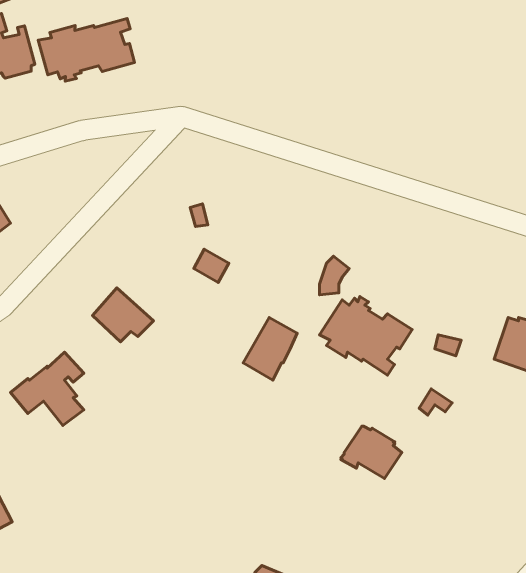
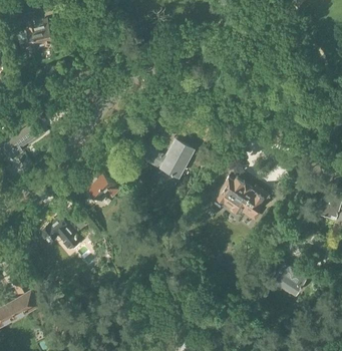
building: [38,18,135,81] -> none
building: [243,317,297,380] -> [160,140,192,177]
building: [341,426,402,479] -> [271,265,306,295]

